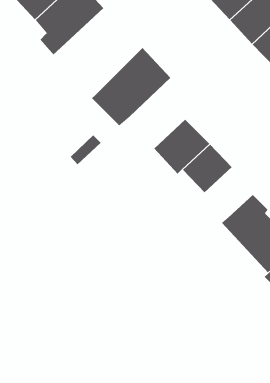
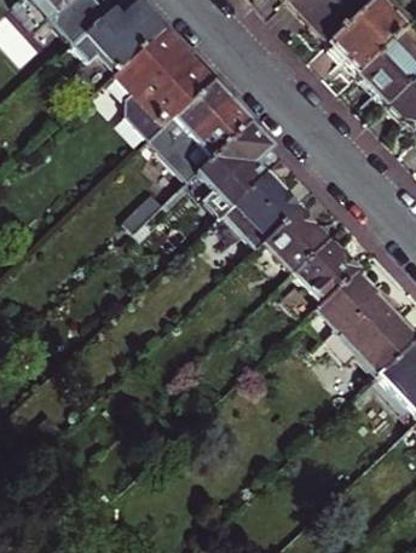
building: none -> [112,25,212,138]
building: none -> [196,116,271,214]
building: none -> [282,232,358,315]

